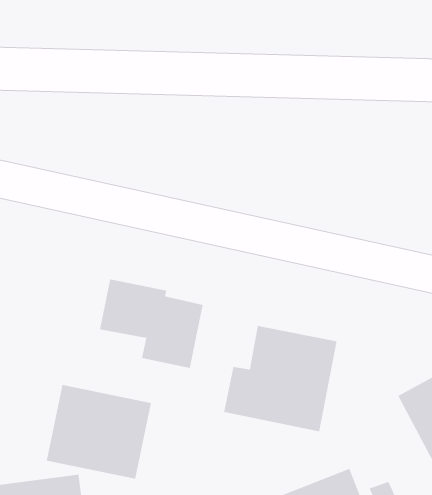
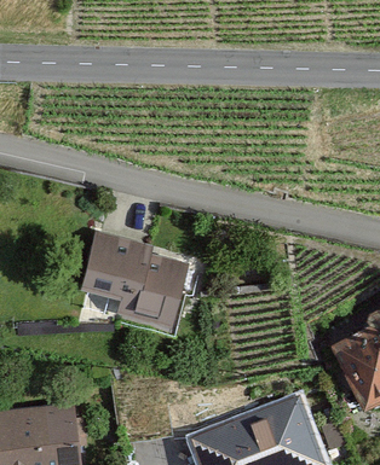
building: [223,325,337,432] -> none
building: [46,384,151,479] -> none

